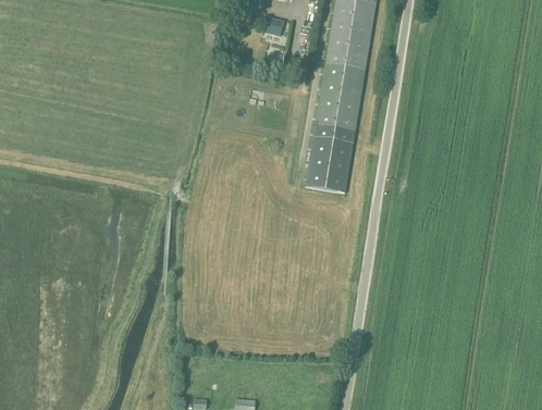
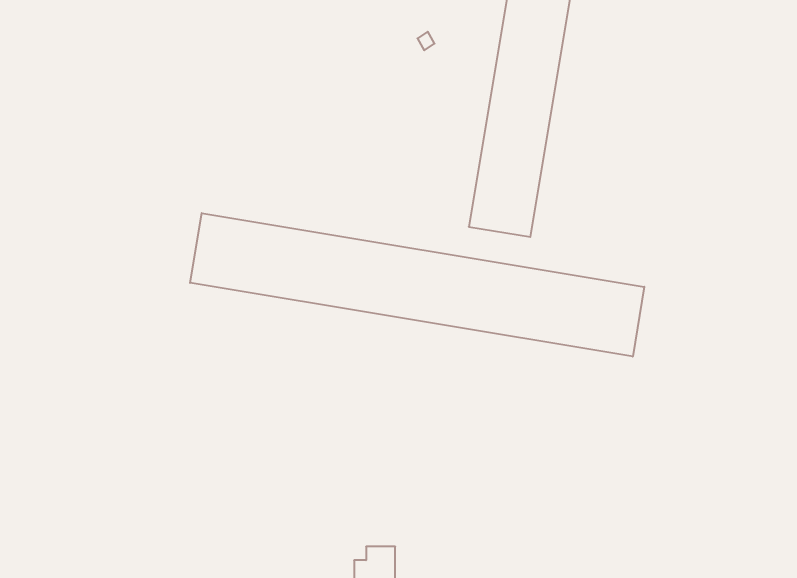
building: none -> [190,213,644,357]

